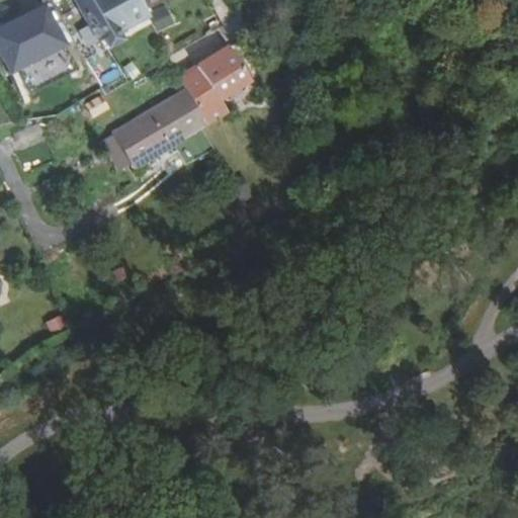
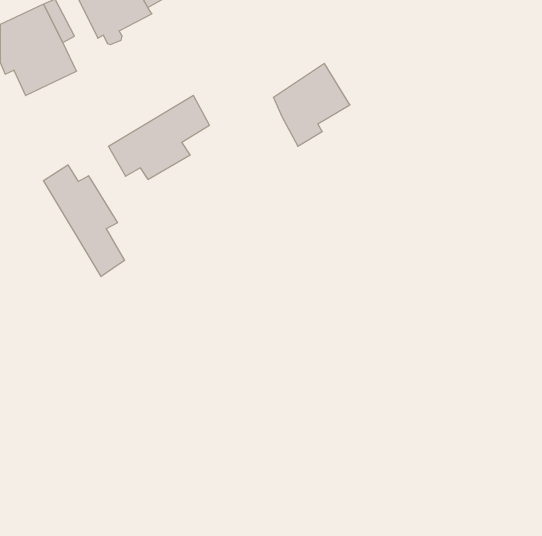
building: [177,40,250,119] -> [273,63,350,146]
building: none -> [43,165,125,277]

